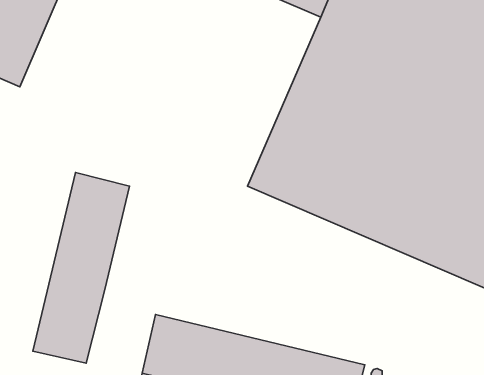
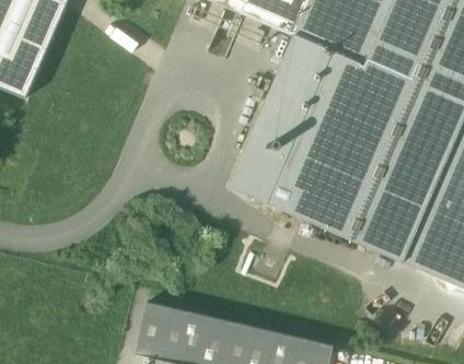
building: [33,173,129,363] -> none

